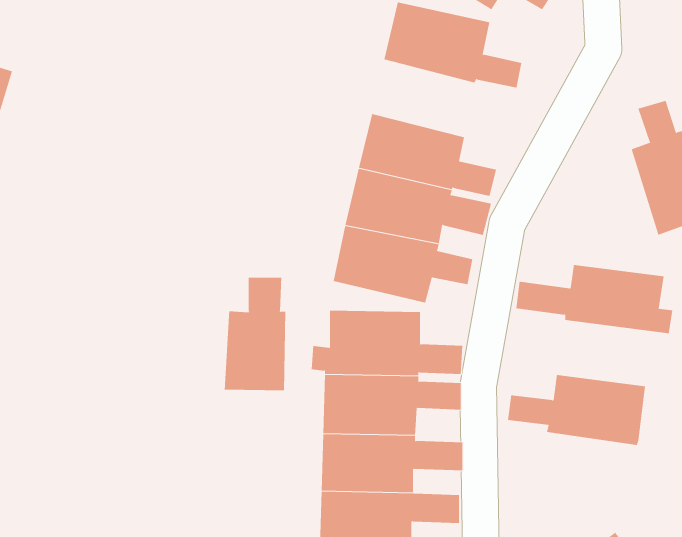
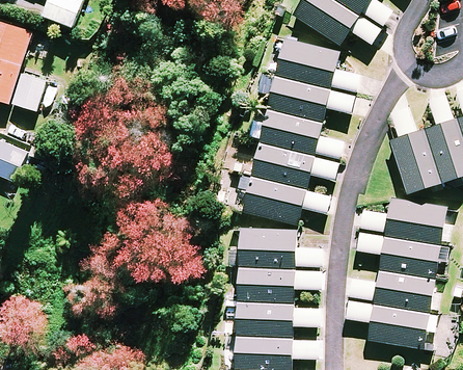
building: none -> [266,74,354,122]
building: none -> [390,111,441,192]
building: [224,277,286,391] -> none
building: none -> [351,232,448,274]
building: none -> [346,300,437,347]

